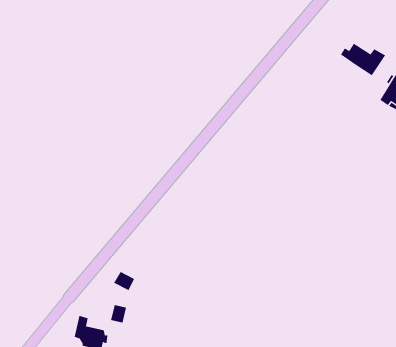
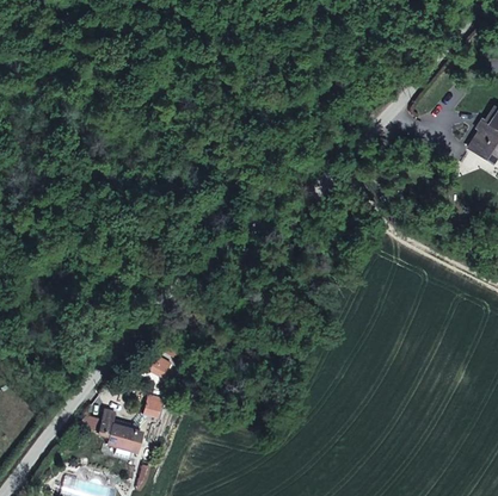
building: [340,43,386,76] -> none

